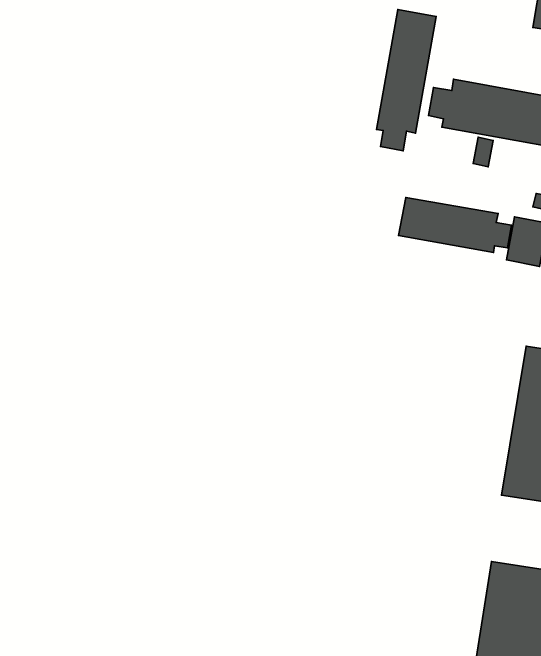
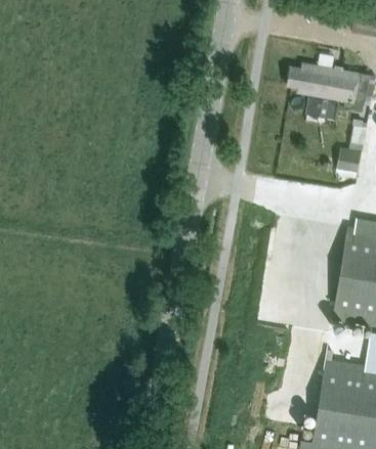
building: [376,9,436,151] -> none
building: [399,197,512,253] -> none

